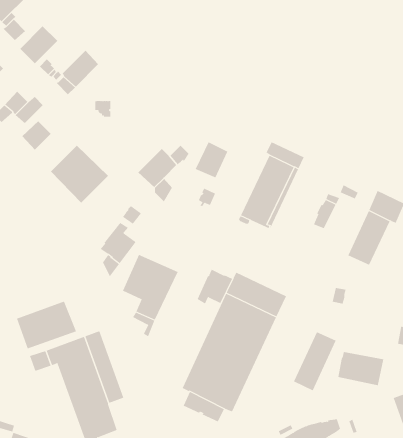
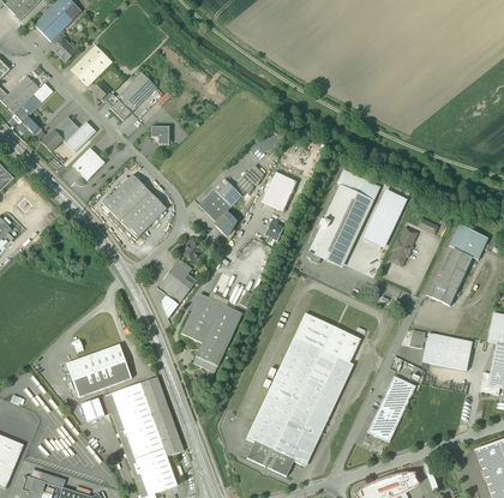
building: none -> [362,191,406,247]
building: [197,269,233,304] -> none
building: [338,352,384,386] -> [422,334,473,371]

